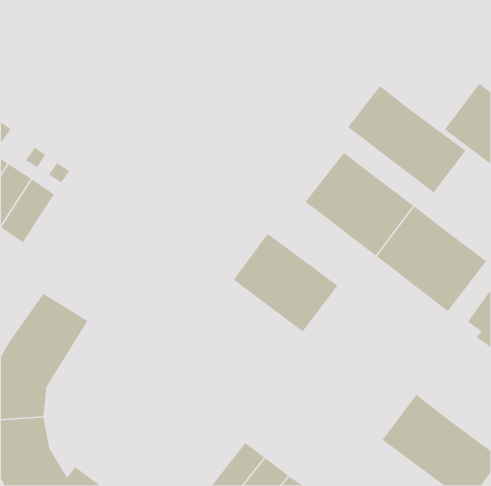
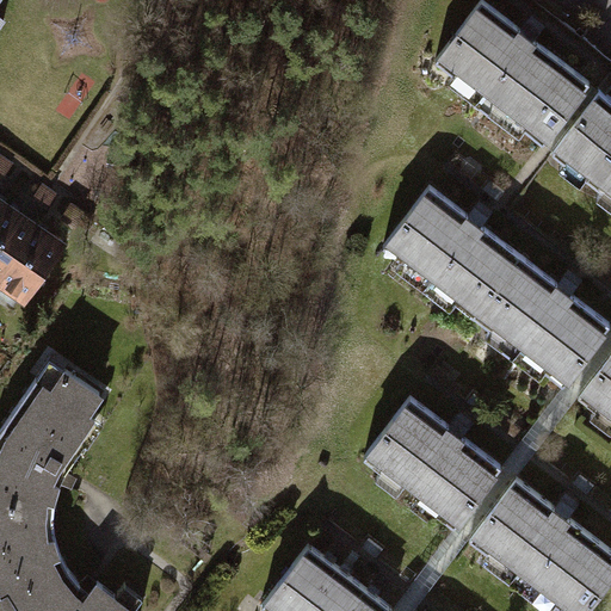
building: [347,85,466,194] -> [436,10,584,144]
building: [233,233,338,333] -> [365,399,496,523]

